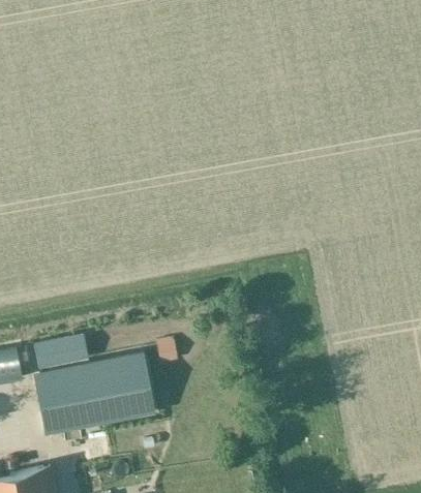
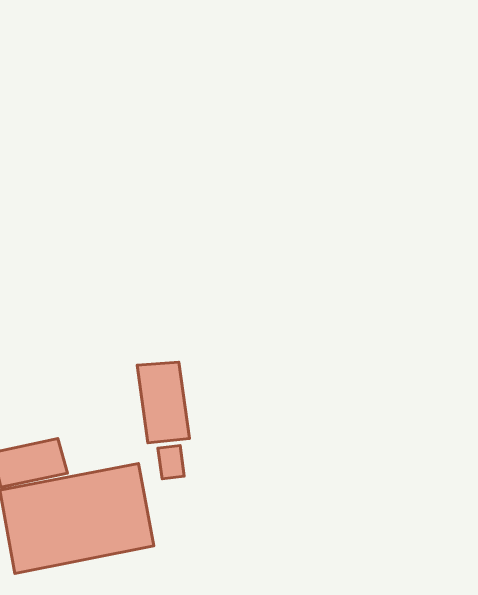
building: none -> [137,362,189,443]

